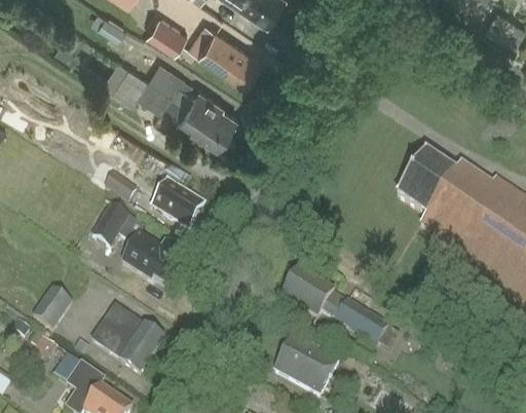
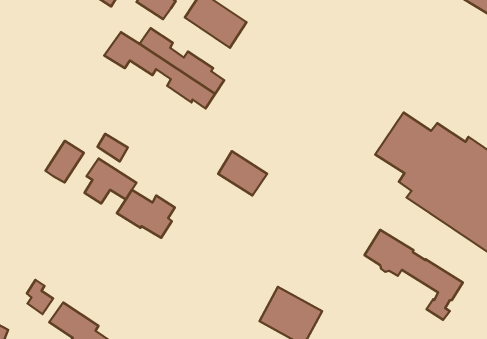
building: [152,179,203,225] -> [218,151,267,195]
building: none -> [46,141,84,183]
building: [286,268,388,363] -> [365,230,463,320]
building: [34,288,73,330] -> none
building: [86,300,163,372] -> none

